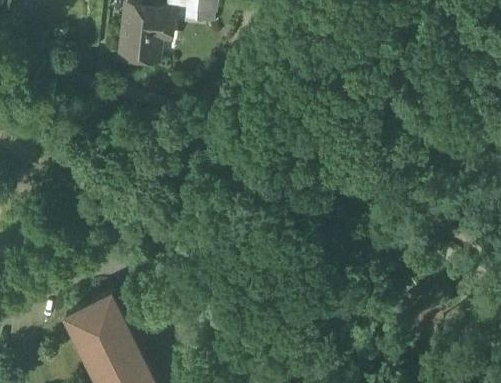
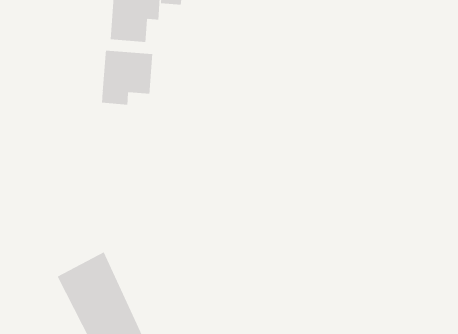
building: none -> [102,50,153,106]

